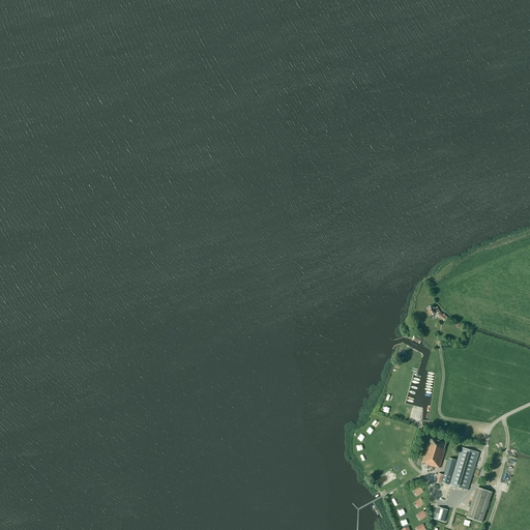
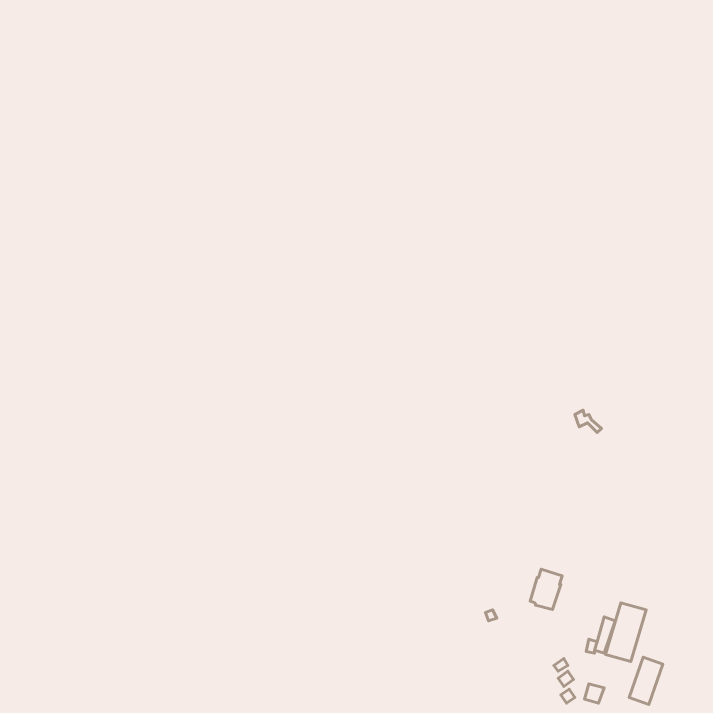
building: [422,438,446,468] -> [530,569,562,609]

